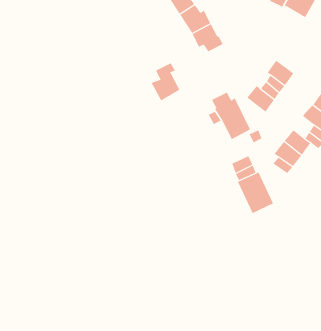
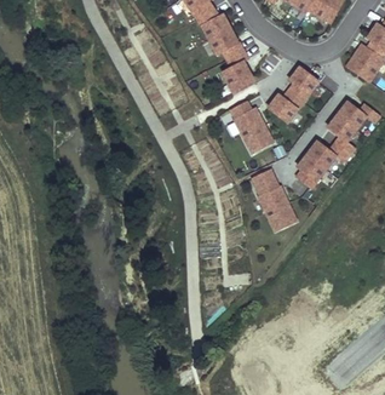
building: [151,62,180,101] -> [222,51,253,92]

